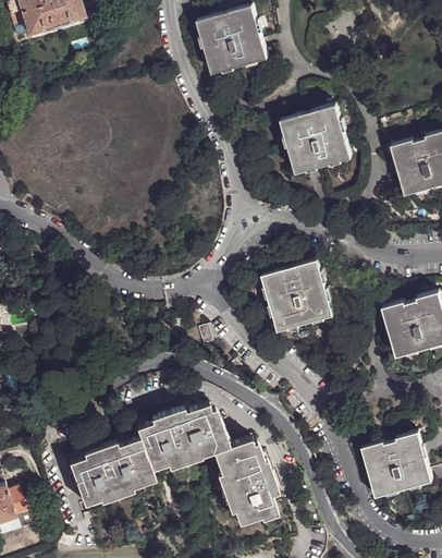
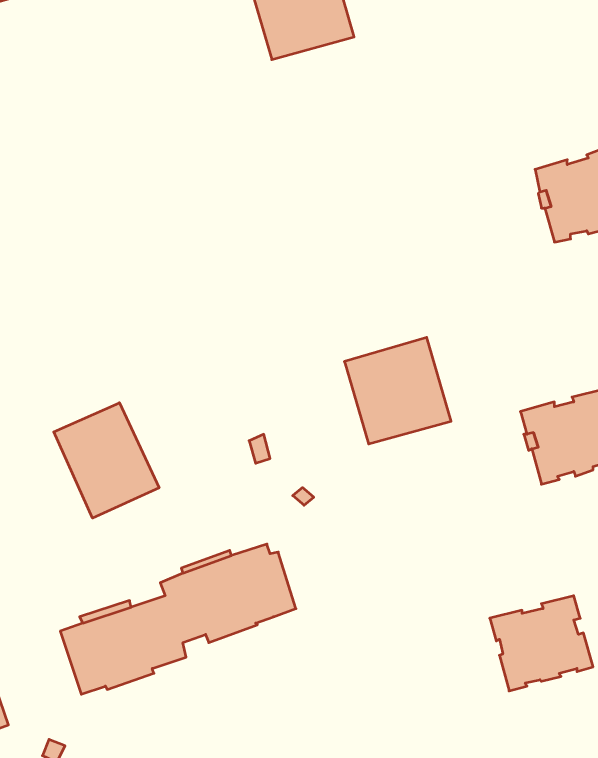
building: [282,105,352,173] -> none
building: none -> [54,403,159,518]
building: [214,435,279,521] -> none

